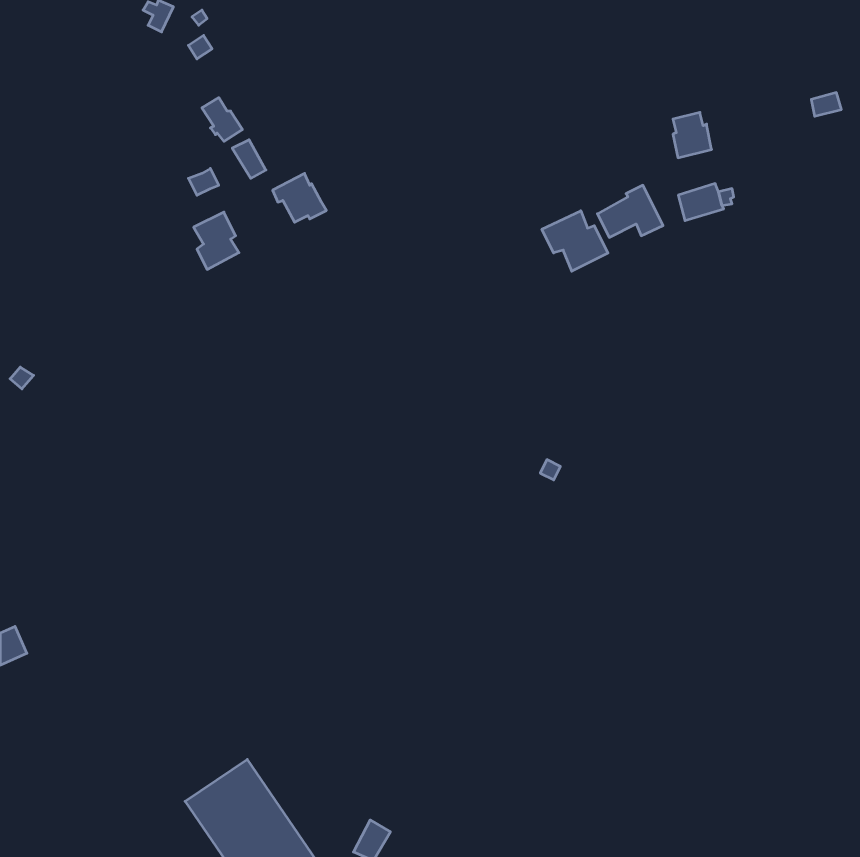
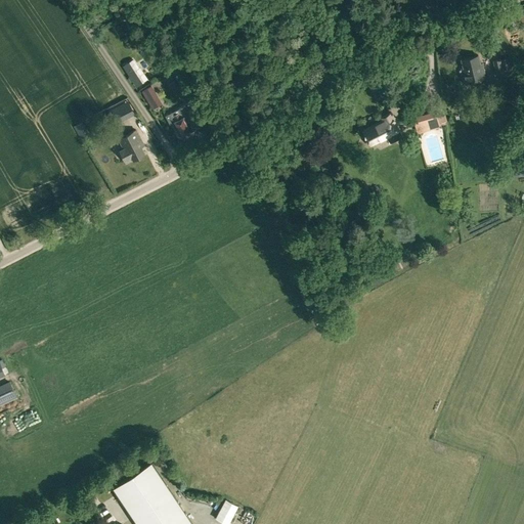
building: [673,112,712,158] -> [462,57,485,85]
building: [542,211,608,271] -> none

